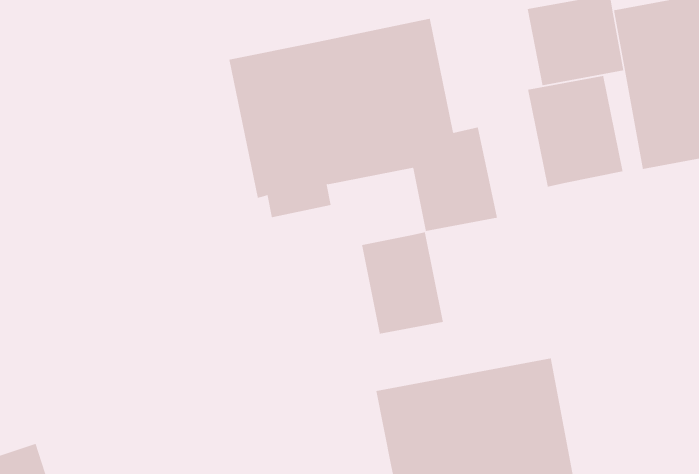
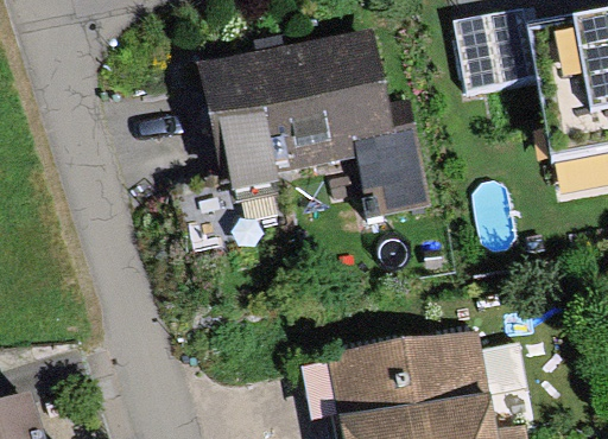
building: [528,75,623,187] -> none
building: [362,231,444,334] -> none

